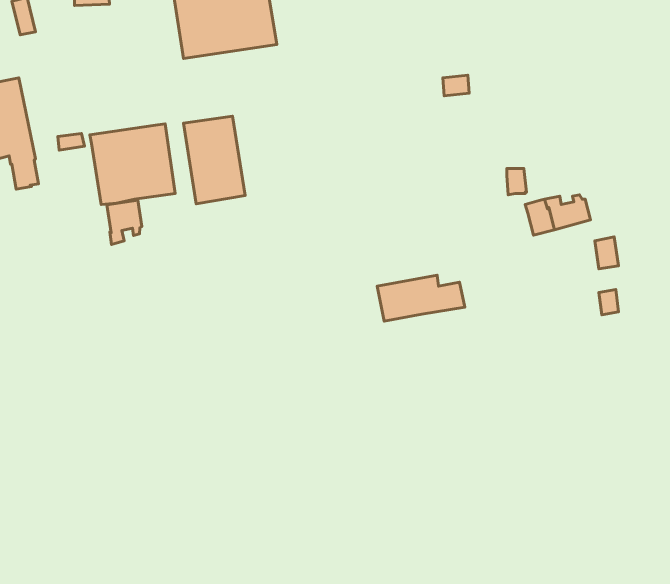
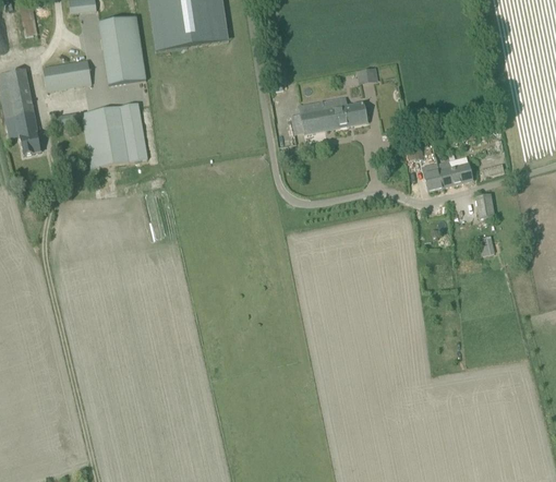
building: none -> [43,62,90,87]
building: [184,116,245,204] -> [99,16,147,85]
building: [107,200,142,244] -> none
building: [377,275,465,321] -> [299,96,367,132]

